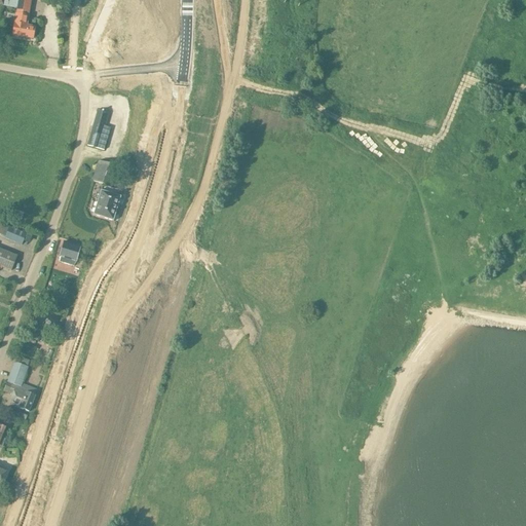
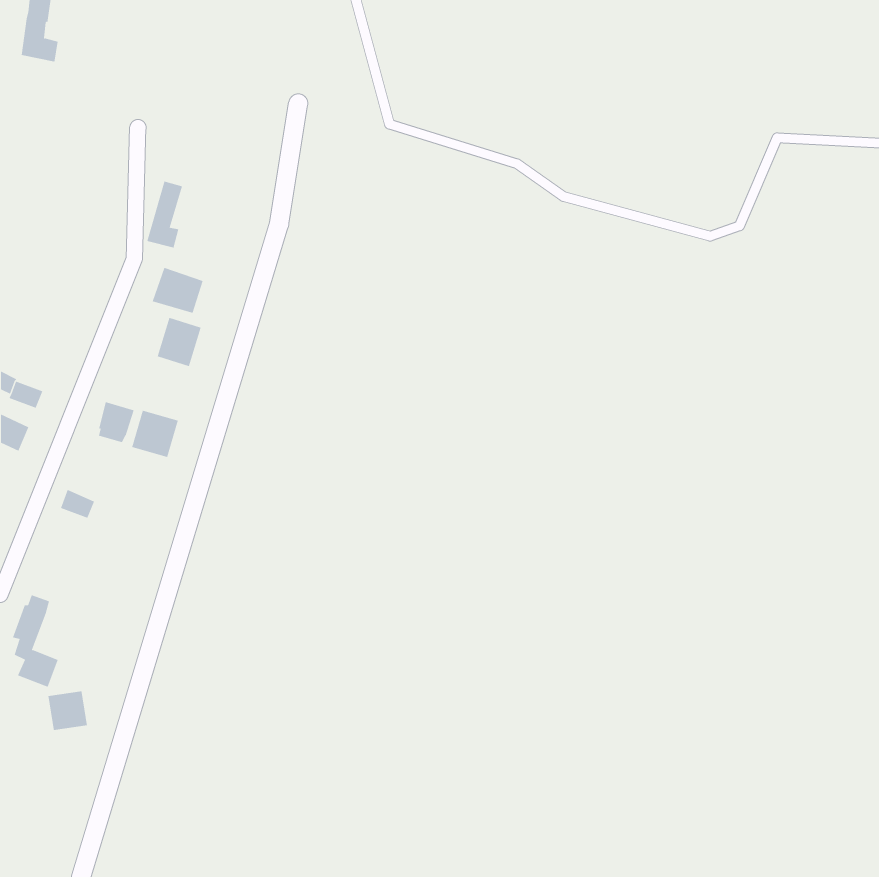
building: none -> [132,410,179,458]
building: none -> [48,691,87,731]

